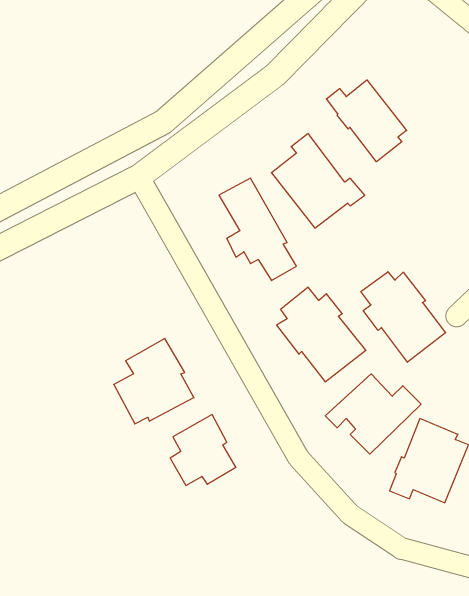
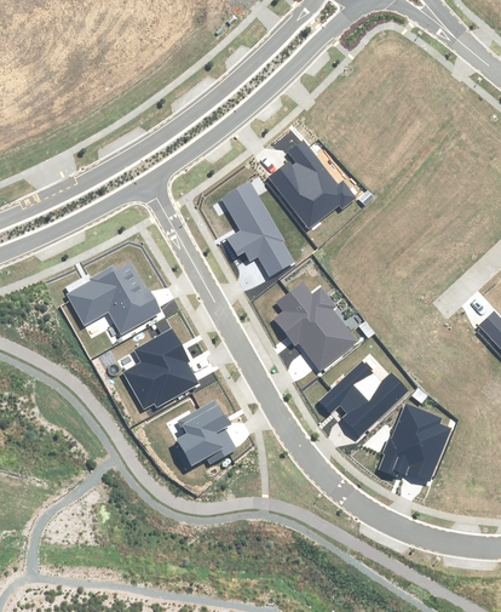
building: [326,80,407,162] -> none
building: none -> [68,261,157,333]
building: [361,272,446,362] -> none

